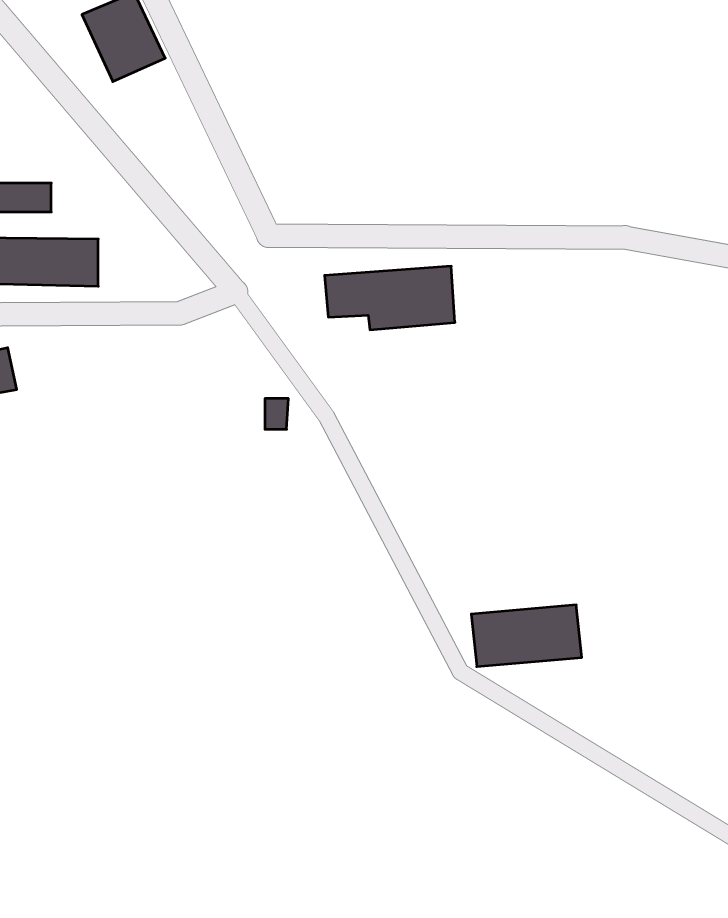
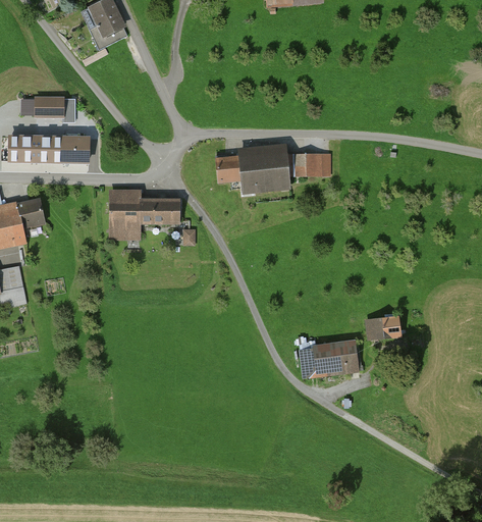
building: none -> [291,153,330,174]
building: none -> [110,189,179,237]
building: none -> [365,316,400,337]

